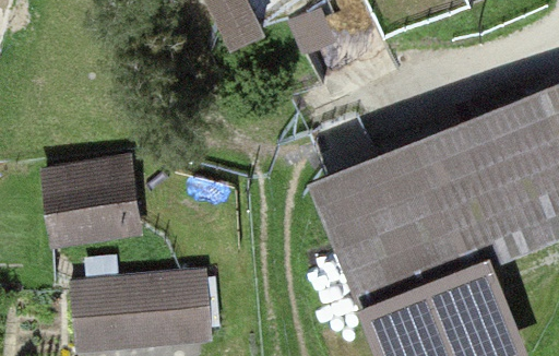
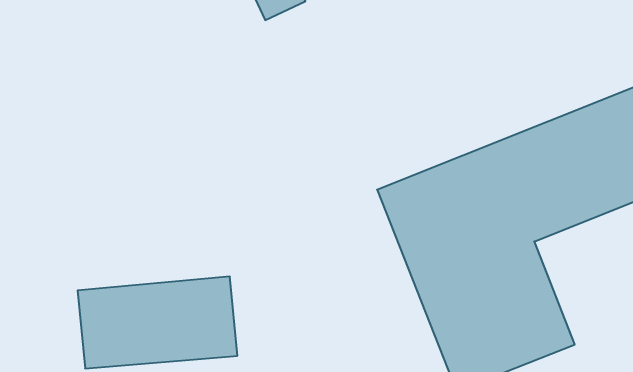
building: [36,156,142,249] -> none

